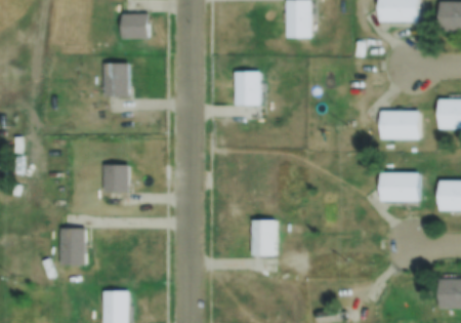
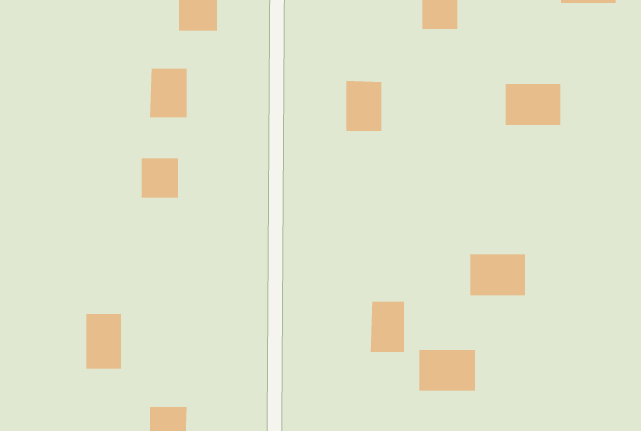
building: [382,110,420,138] -> [505,83,561,126]
building: [103,164,129,192] -> [141,157,179,199]
building: [381,172,419,201] -> [470,253,526,296]
building: none -> [418,349,476,391]

